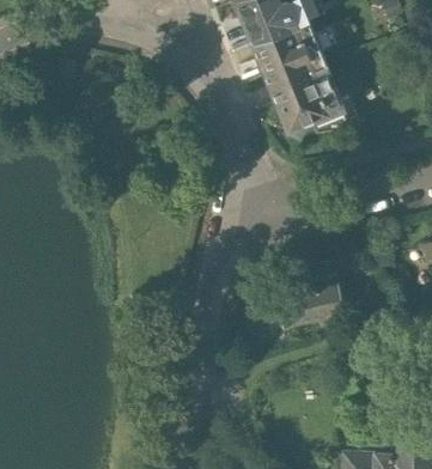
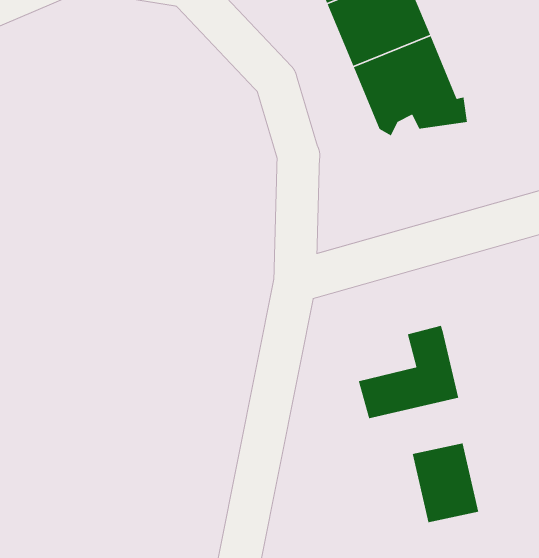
building: none -> [412,443,479,523]

